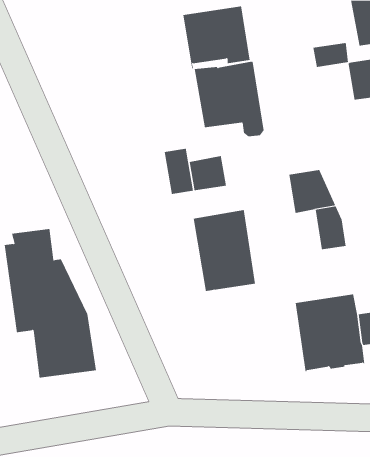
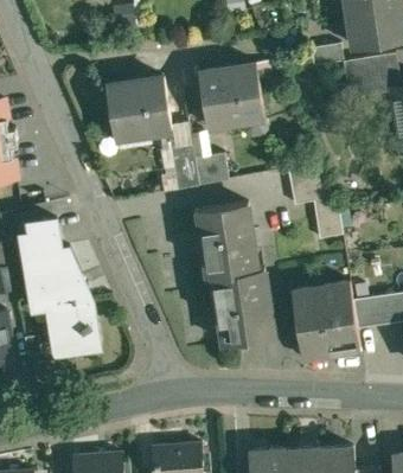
building: [183,6,251,69] -> [107,76,171,135]
building: none -> [216,270,274,344]

